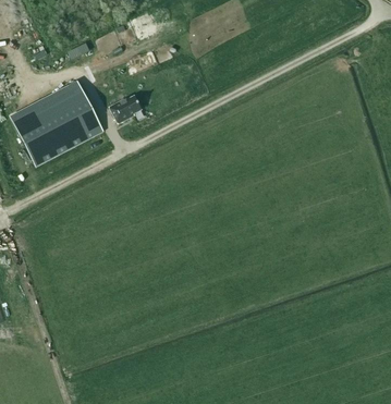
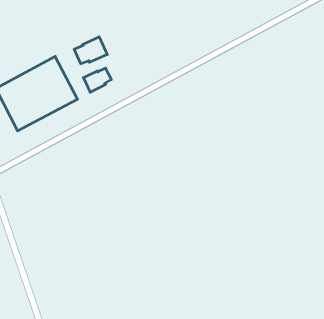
building: none -> [74,37,107,64]

